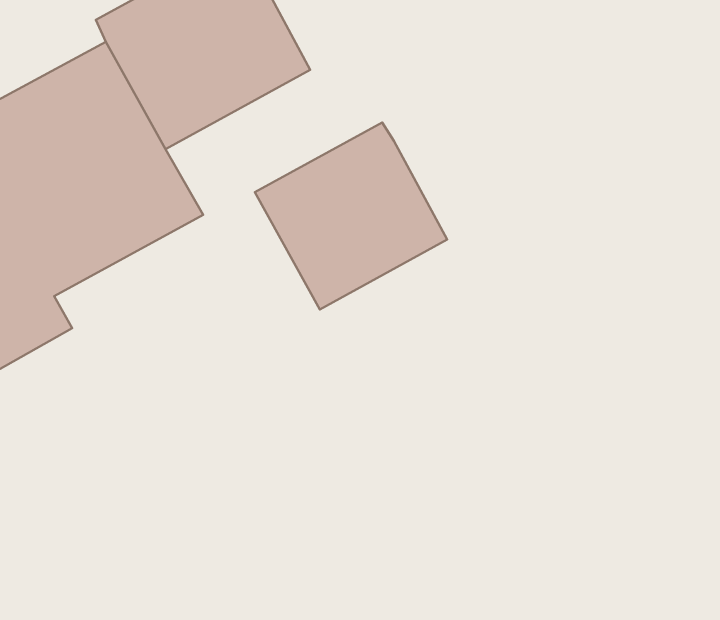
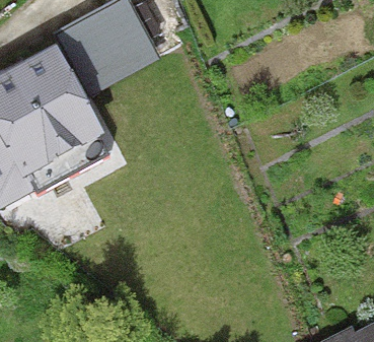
building: [255,122,447,309] -> none

